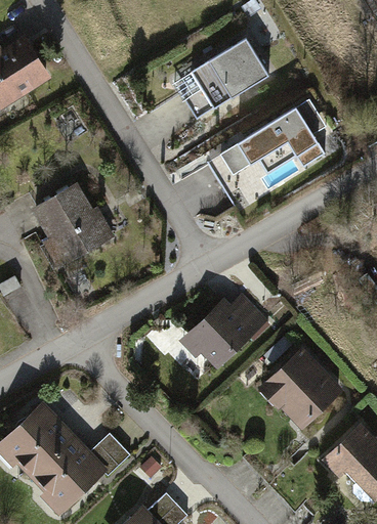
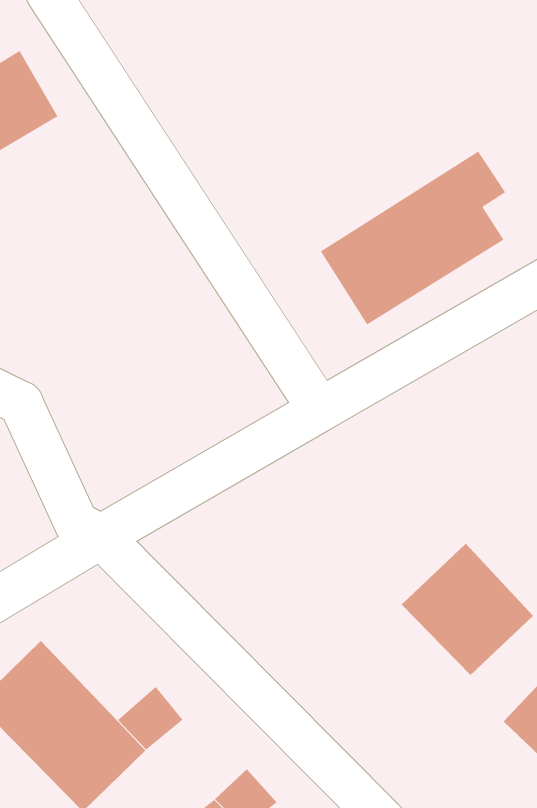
building: [175,38,270,119] -> none
building: [33,183,115,266] -> none
building: [183,288,265,369] -> none

